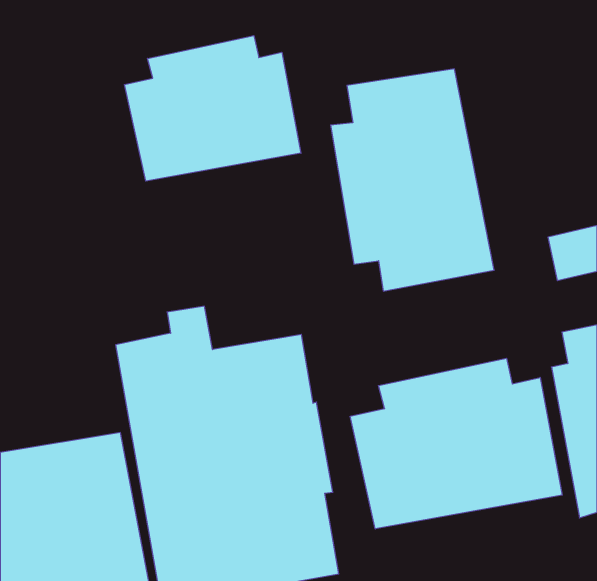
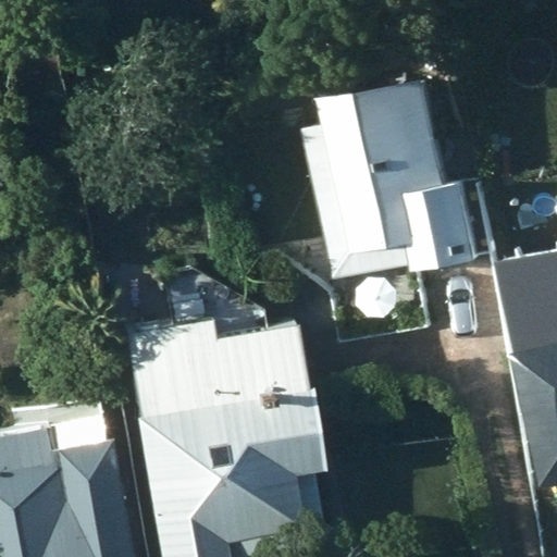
building: [124,36,301,181] -> none
building: [350,358,562,529] -> none

